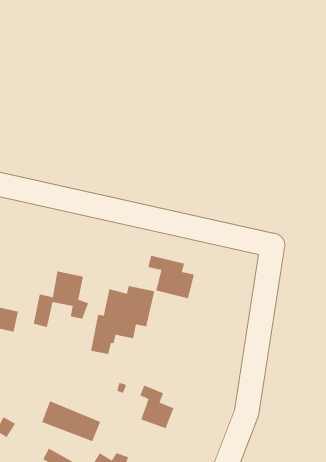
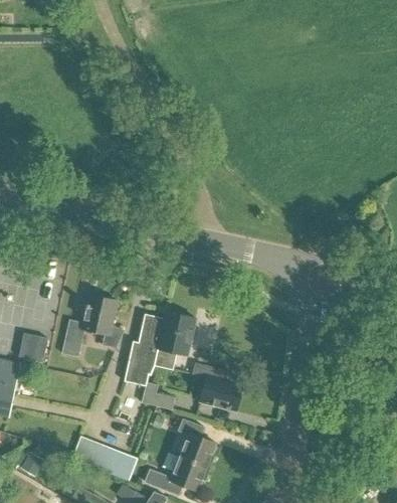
building: [148,255,195,299] -> [191,362,242,410]
building: none -> [141,381,174,409]
building: none -> [144,456,206,494]

